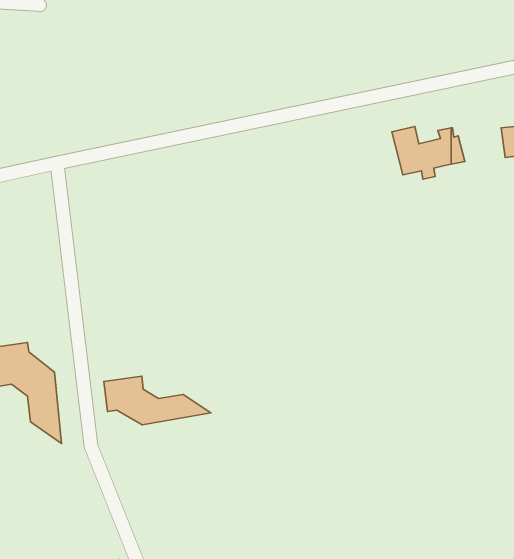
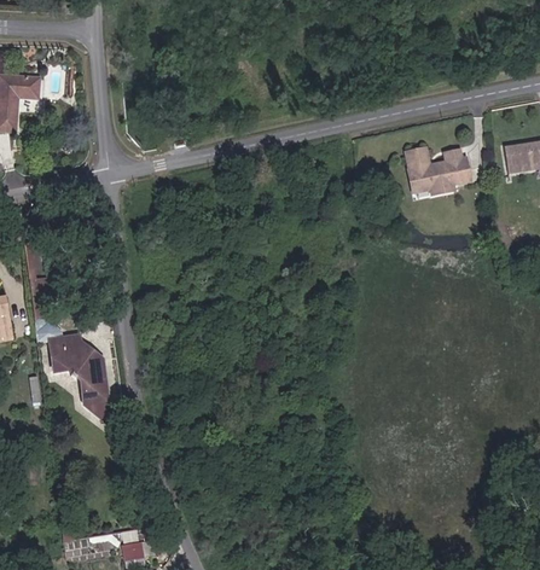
building: [104,376,211,425] -> none

